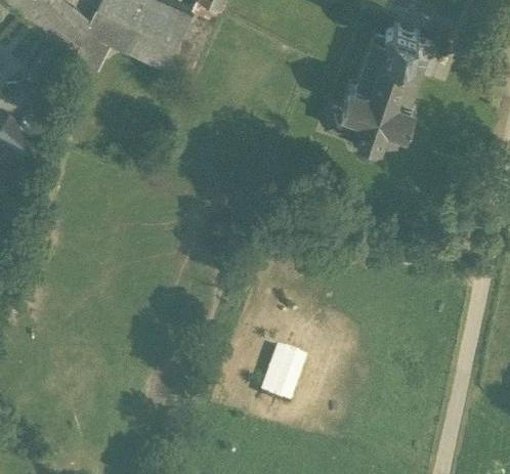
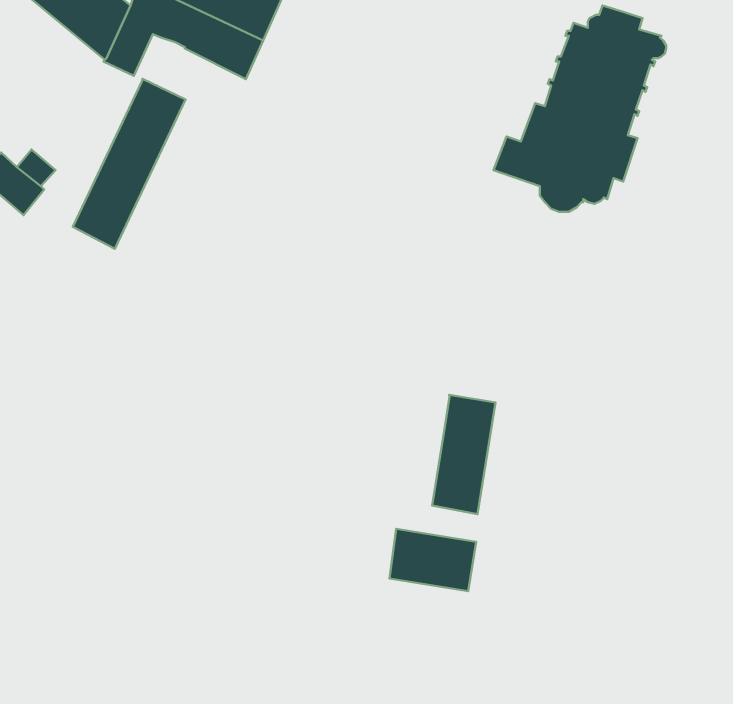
building: none -> [73,79,186,249]
building: none -> [432,395,495,514]

